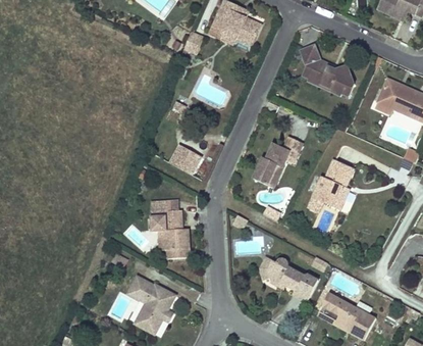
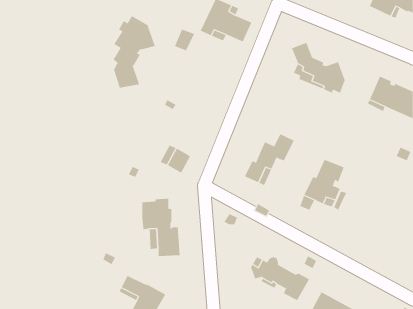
building: none -> [113,15,155,88]

